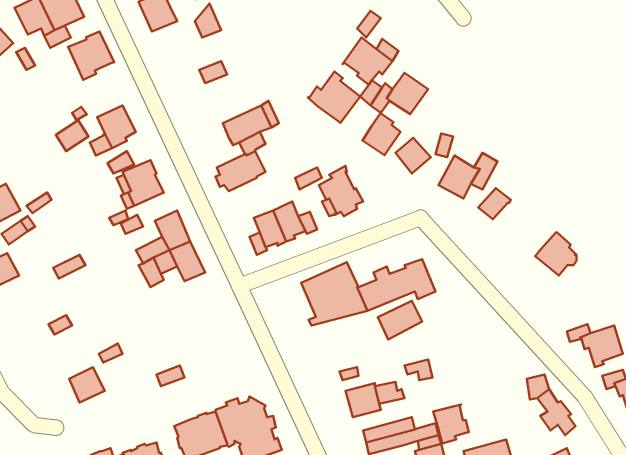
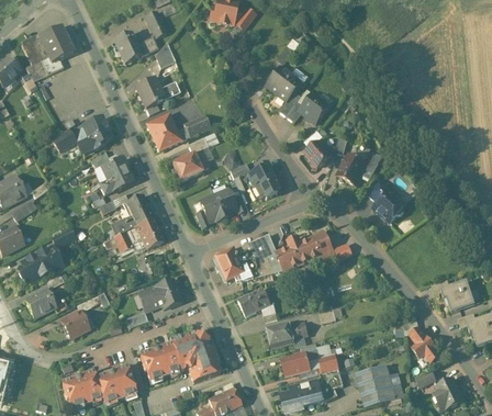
building: [68,31,114,80] -> none
building: none -> [135,79,163,109]
building: [308,72,360,123] -> none
building: none -> [146,114,180,150]
building: [362,113,401,155] -> none
building: [535,233,576,275] -> [372,189,403,221]
building: none -> [18,245,62,281]
building: none -> [215,248,245,281]
building: [378,301,422,339] -> [237,288,270,316]
building: none -> [142,279,181,310]
building: none -> [24,289,56,317]
building: [433,405,469,444] -> none

